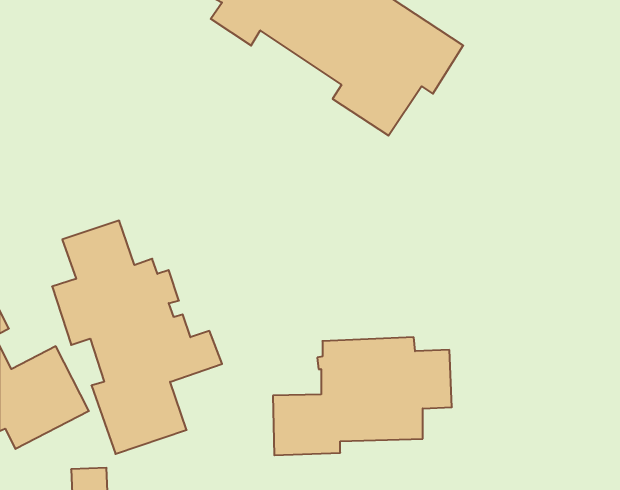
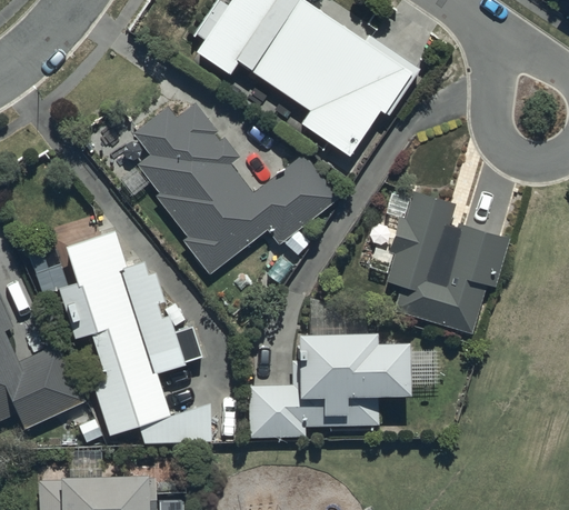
building: none -> [120,104,341,274]
building: none -> [371,191,511,331]

